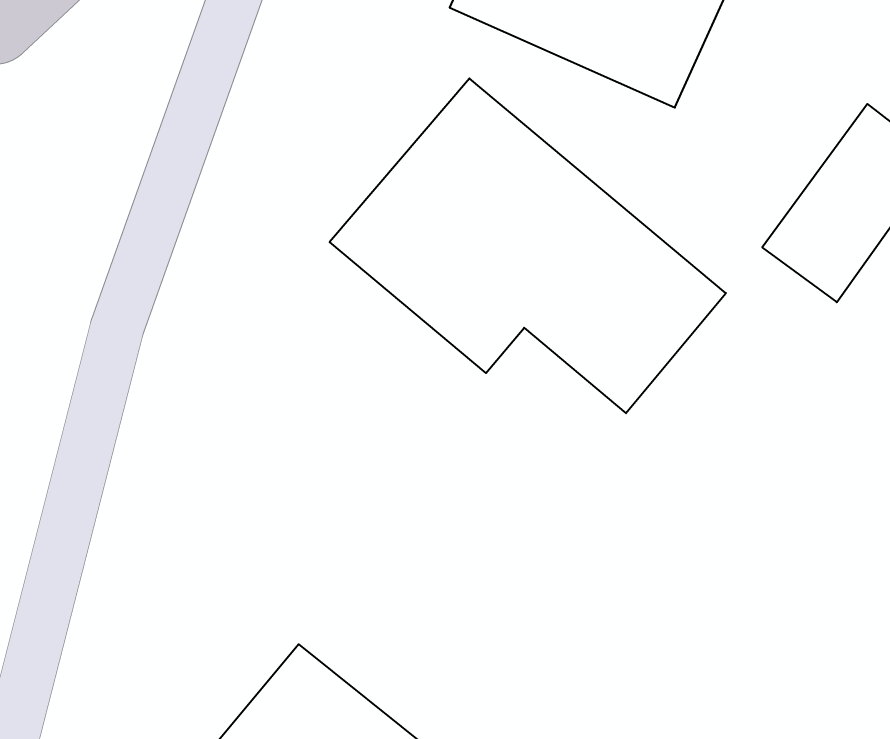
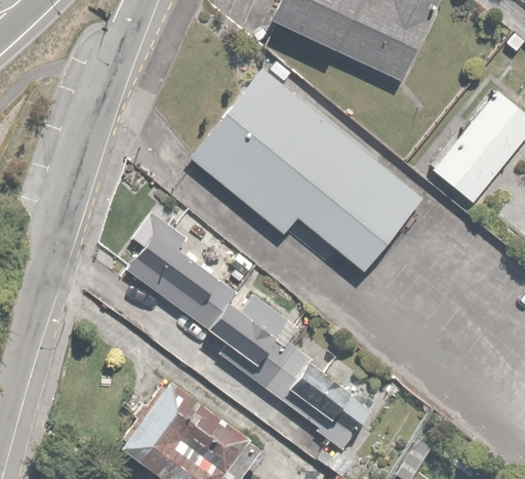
building: none -> [125,211,373,440]

